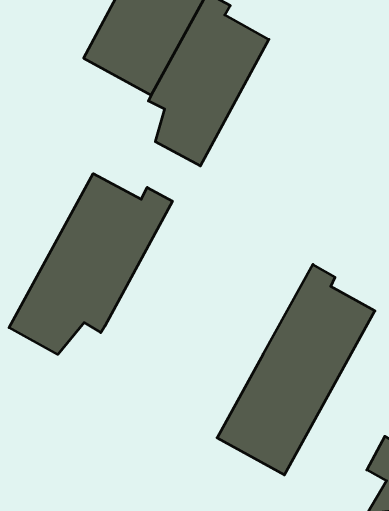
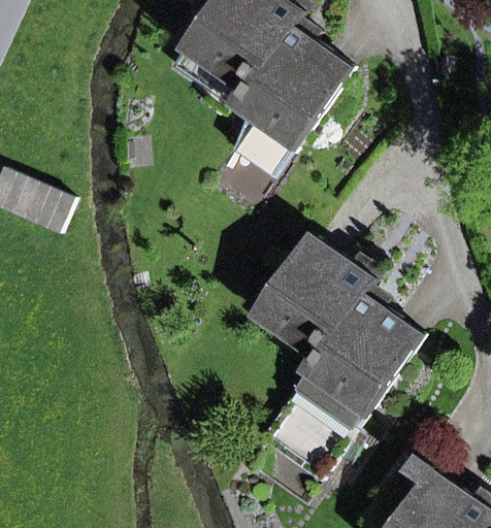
building: [9,174,172,354] -> none
building: none -> [253,235,373,363]

